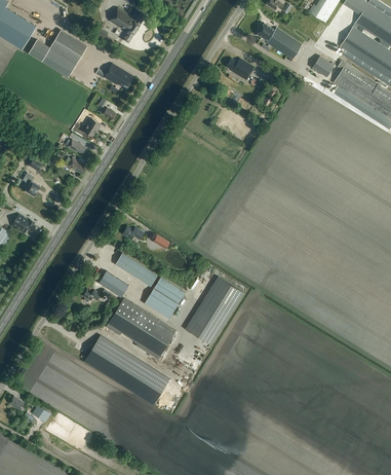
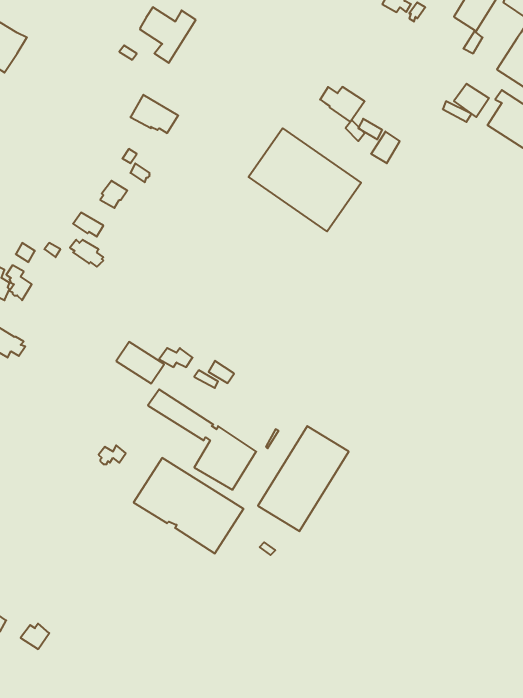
building: [257,23,303,60] -> none
building: [29,30,87,77] -> none
building: none -> [249,128,361,231]
building: [99,270,129,297] -> [116,342,164,383]
building: [84,334,170,404] -> none

